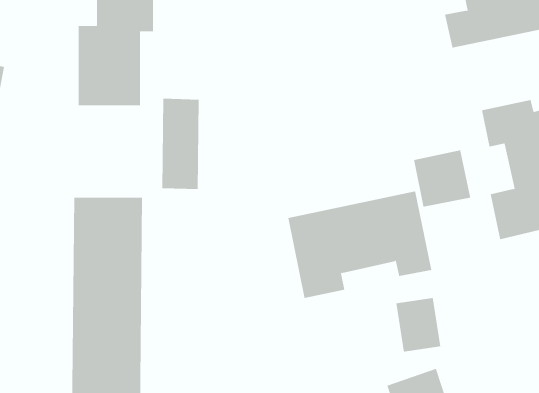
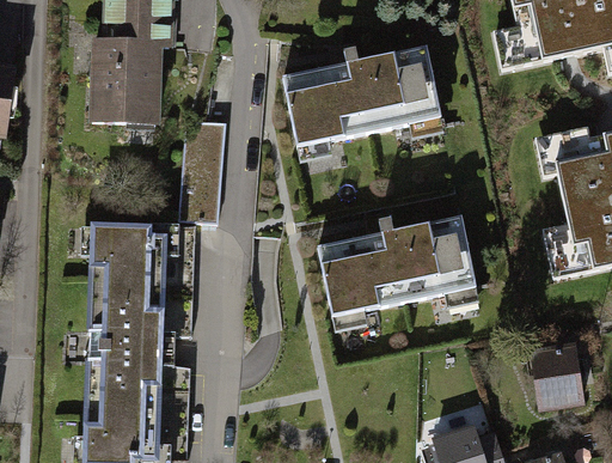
building: none -> [283,45,442,163]
building: [413,149,471,207] -> none
building: [395,298,441,352] -> [532,336,582,396]

